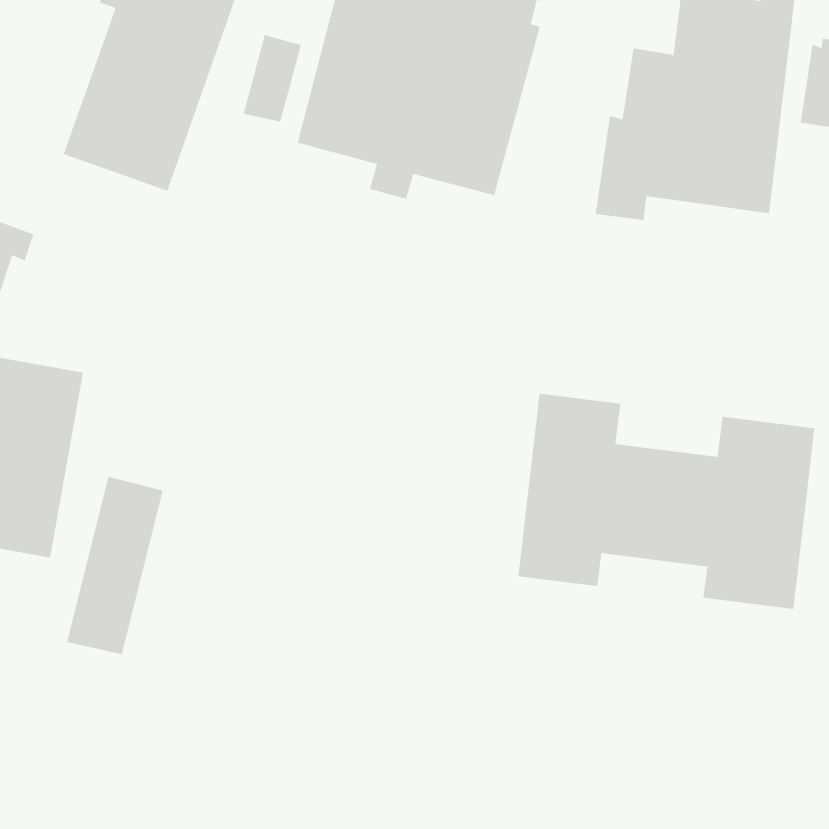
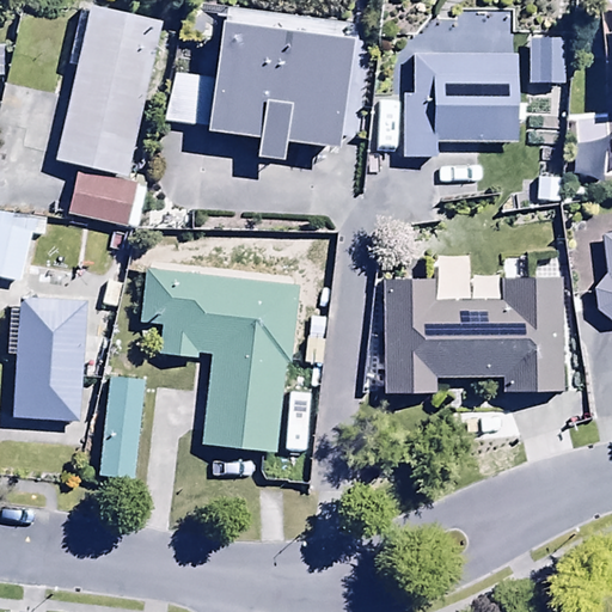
building: none -> [68,170,148,253]
building: none -> [143,269,298,451]

